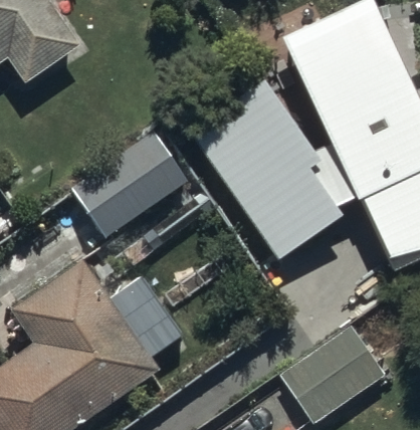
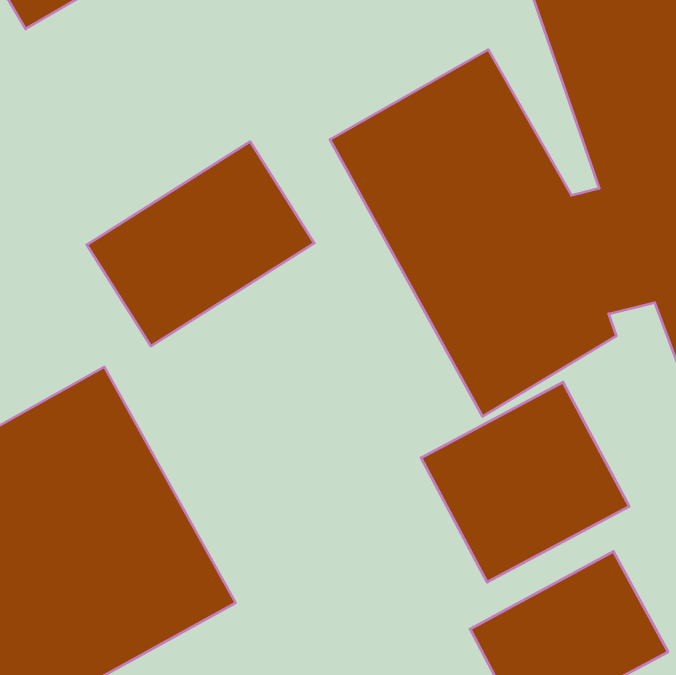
building: none -> [421,382,629,582]

